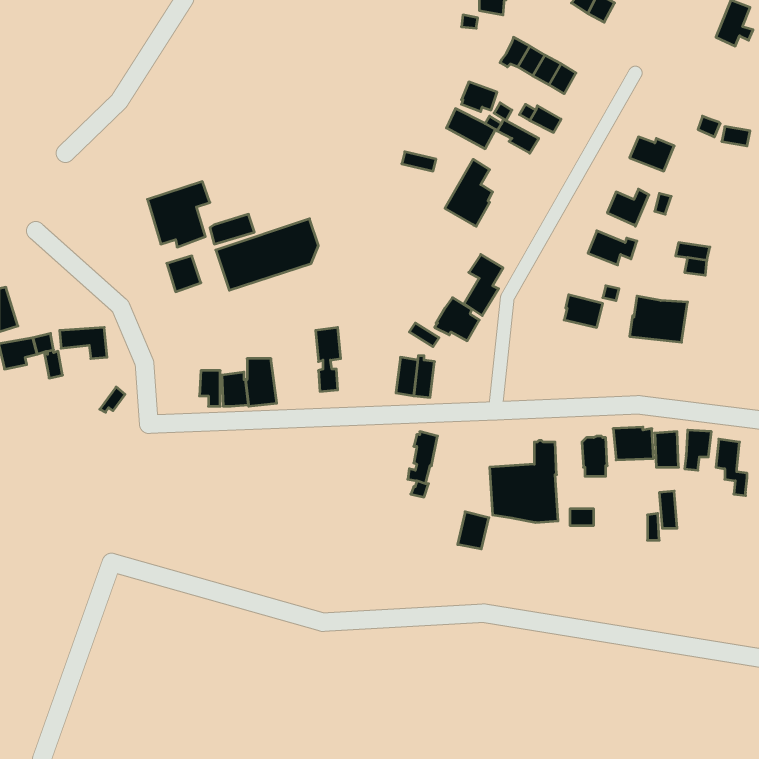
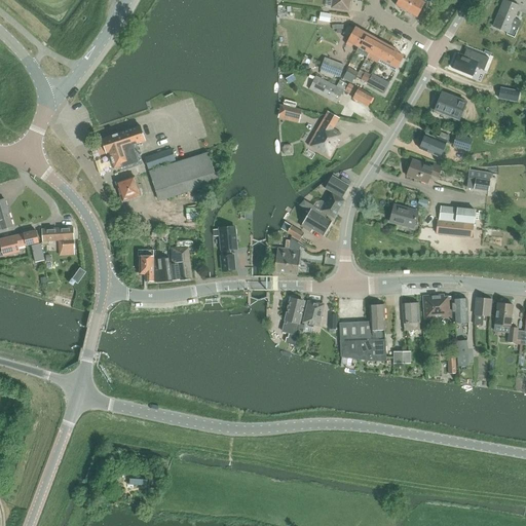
building: none -> [452,51,481,75]
building: [458,512,489,549] -> [302,300,324,326]

